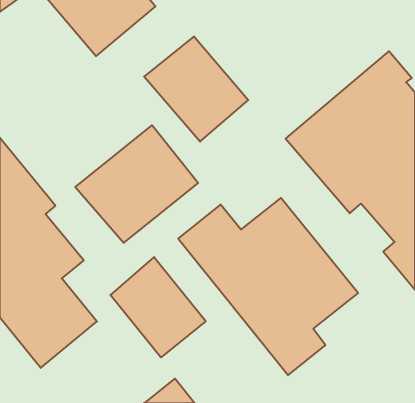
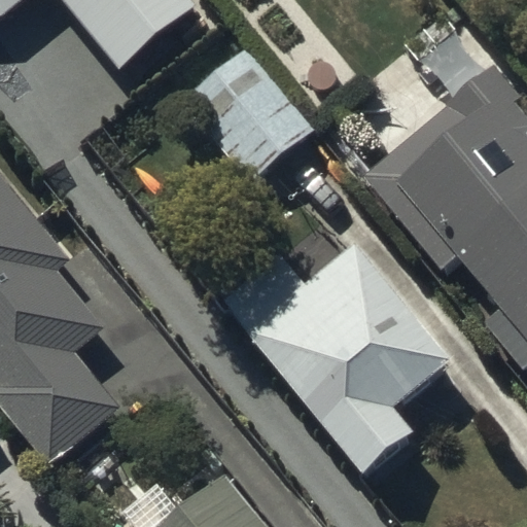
building: [75,125,198,243] -> none
building: [110,257,206,357] -> none

